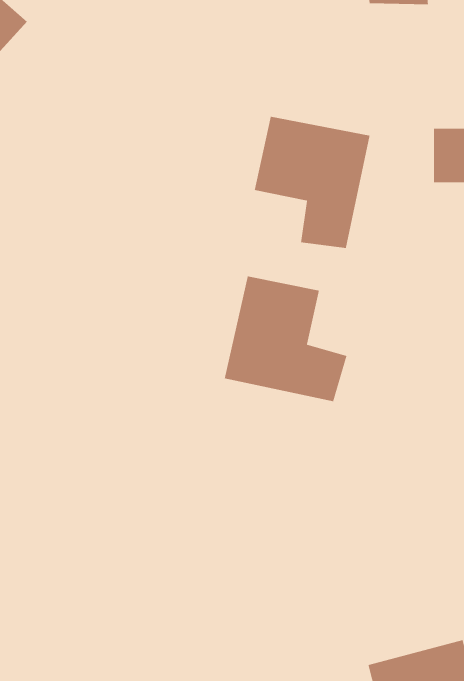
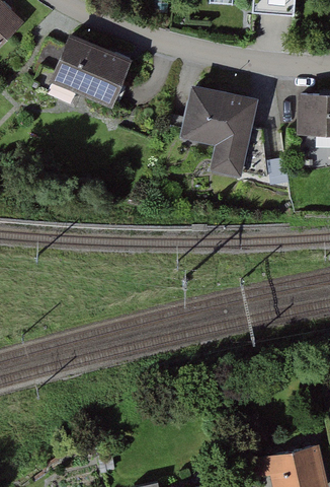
building: none -> [50,37,131,108]
building: [224,276,347,402] -> none

